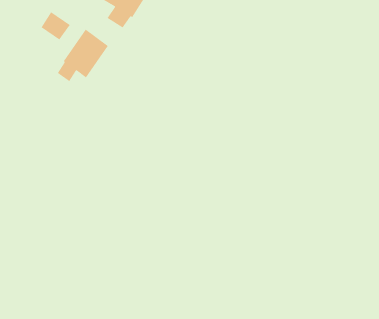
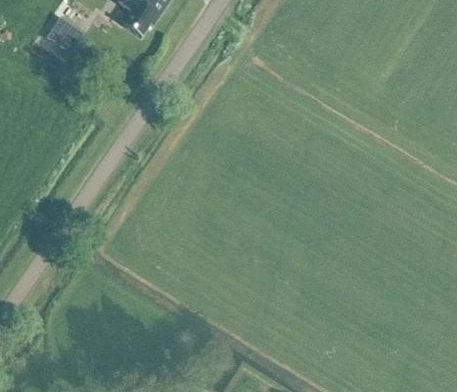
building: [57,29,109,82] -> none

